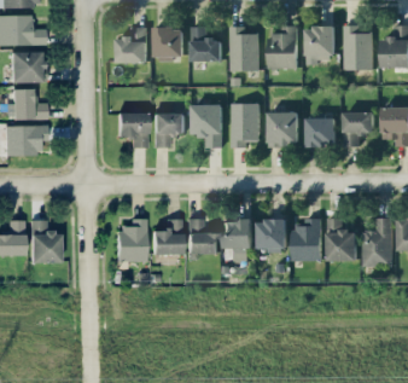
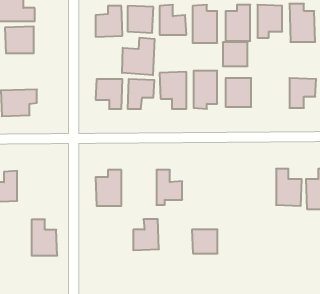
building: none -> [122,38,154,75]
building: [11,89,47,120] -> none
building: [305,117,334,145] -> [223,42,248,66]
building: [292,217,321,261] -> none
building: [152,219,182,255] -> [133,219,159,250]
building: [257,219,286,250] -> none
building: [30,220,60,262] -> [32,219,57,256]
building: [222,220,252,248] -> [192,230,218,253]

